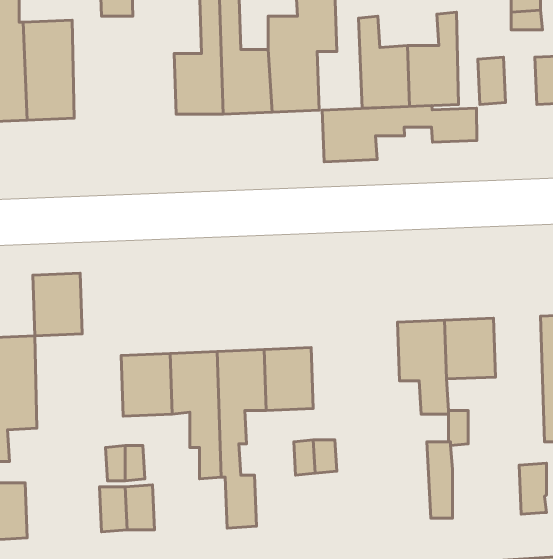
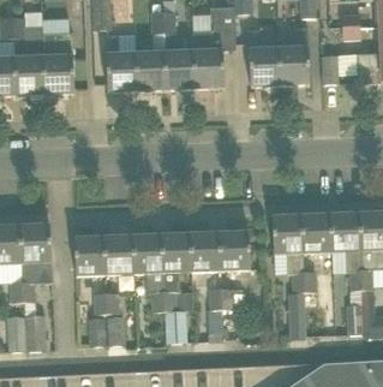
building: none -> [107,34,137,90]
building: [322,105,477,162] -> none
building: [33,273,82,336] -> [74,237,104,275]
building: none -> [331,213,363,291]
building: none -> [220,232,250,269]

